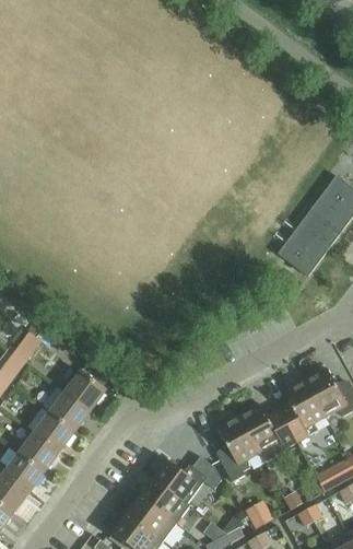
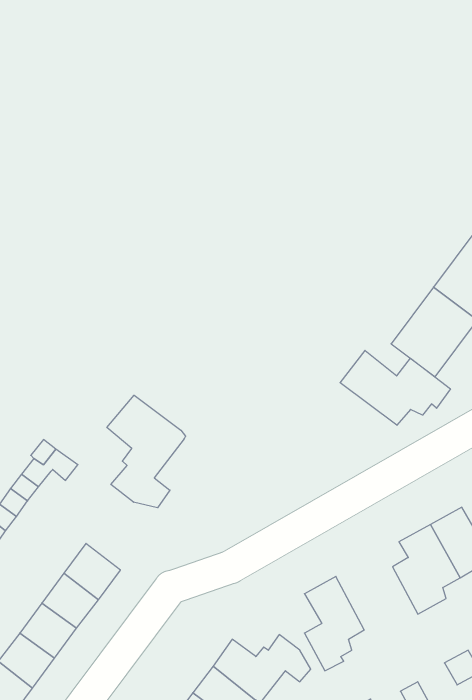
building: none -> [340,350,450,425]
building: none -> [107,395,186,508]
building: [64,372,105,411] -> none
building: [238,404,295,463] -> none

